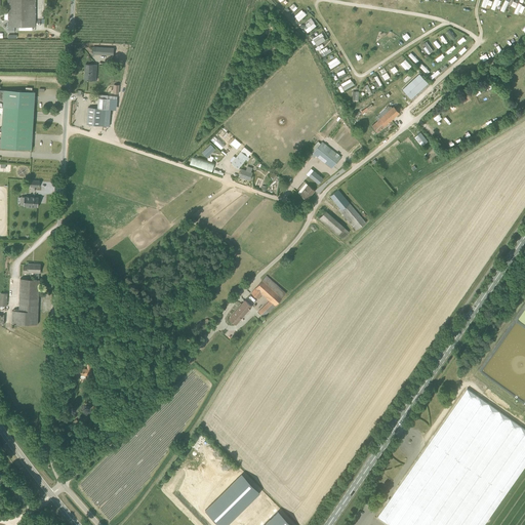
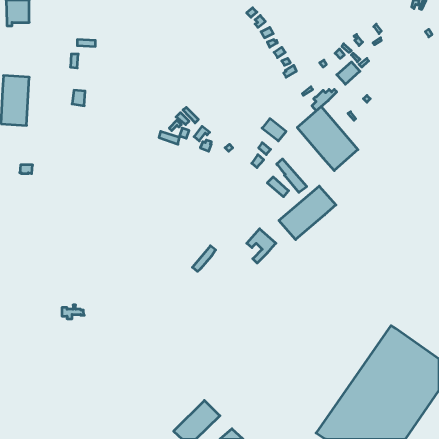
building: none -> [297,107,358,171]
building: none -> [279,186,336,240]
building: [11,264,40,325] -> none
building: [251,276,286,317] -> [247,229,276,263]

